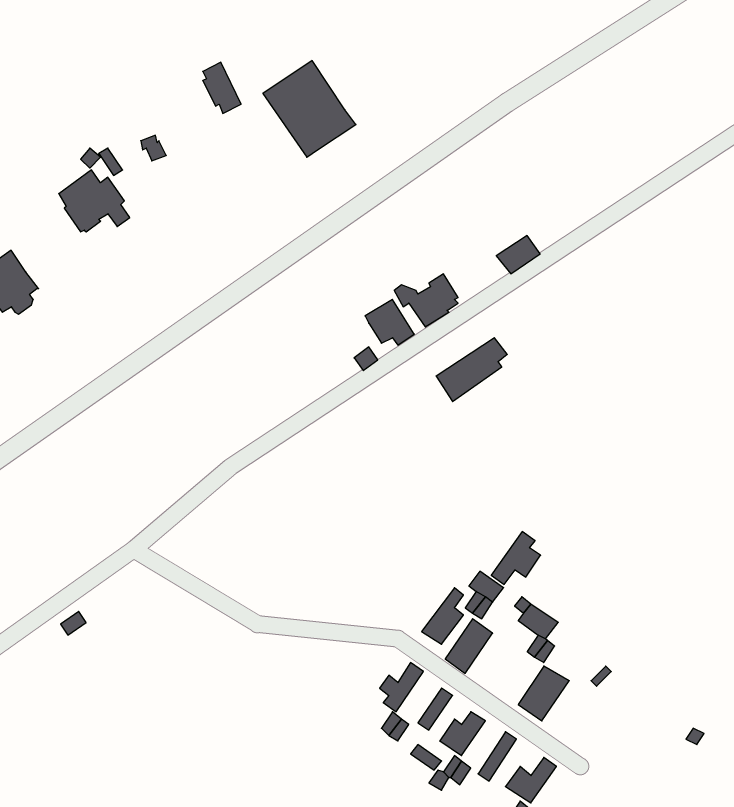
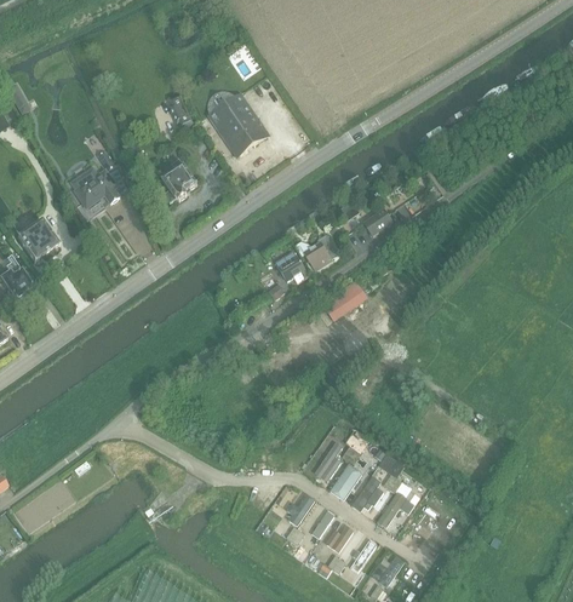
building: none -> [161,157,196,202]
building: [491,532,541,584] -> [350,475,383,510]

